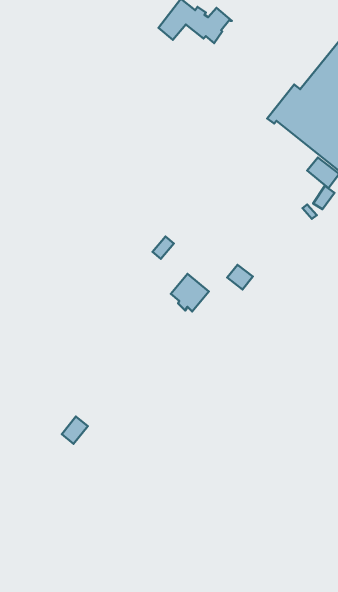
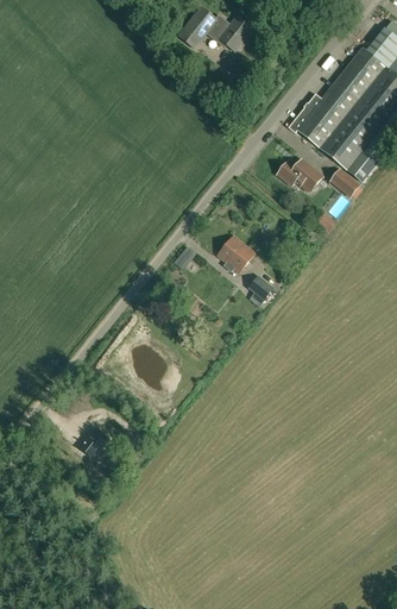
building: none -> [277,161,321,190]
building: [171,274,209,312] -> [216,234,254,272]

